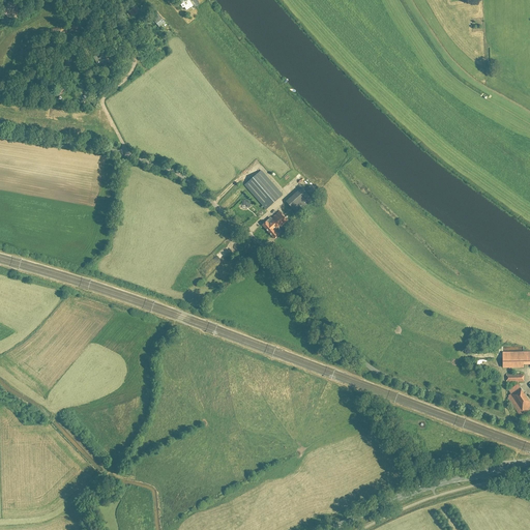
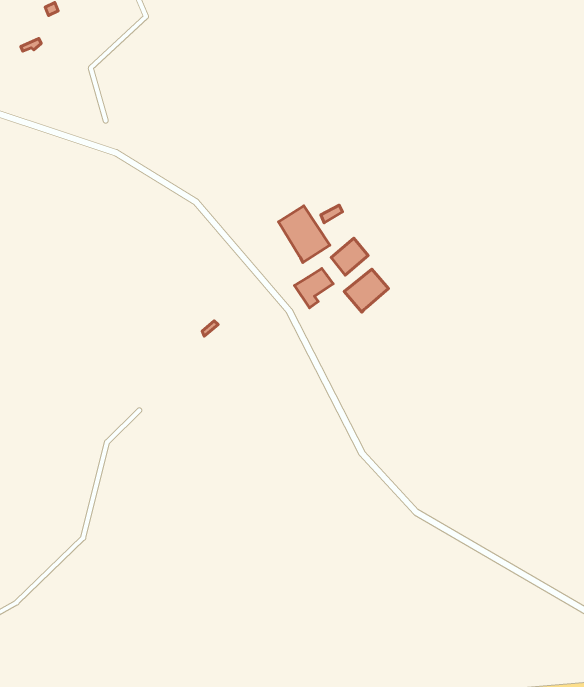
building: none -> [344,269,388,312]

